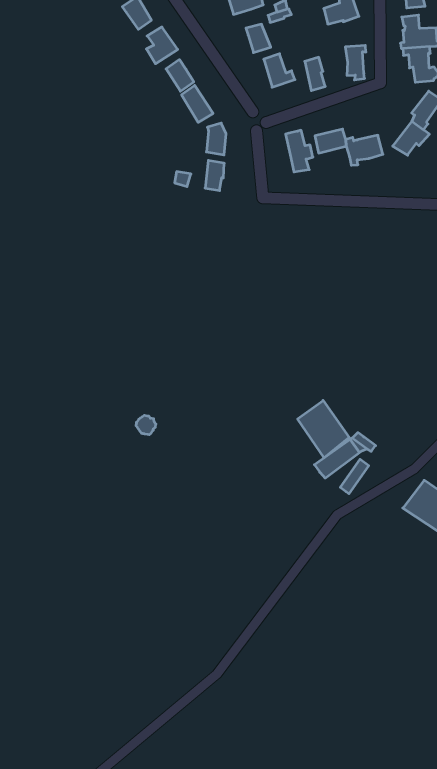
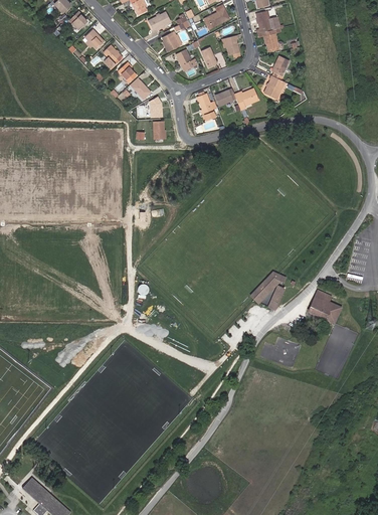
building: [298,400,349,458] -> none

